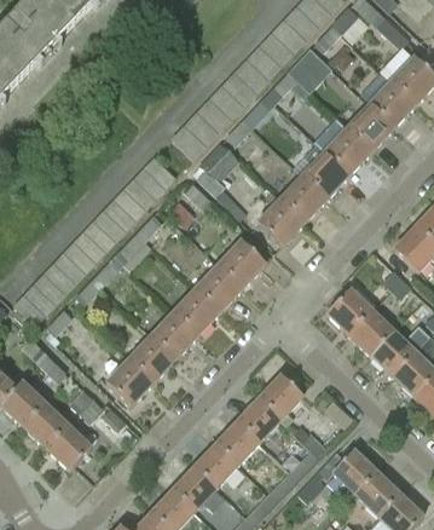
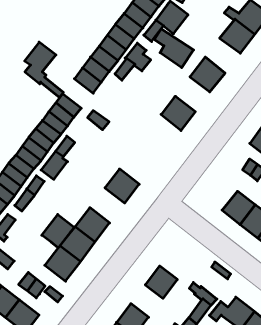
building: [348,104,395,151] -> none
building: [197,142,245,218] -> [25,42,63,97]
building: [294,144,349,198] -> none
building: [259,191,306,246] -> none
building: [219,240,266,287] -> none
building: [174,287,221,334] -> none
building: [328,288,372,333] -> none
building: none -> [42,214,74,248]
building: [259,374,303,419] -> none
building: [215,421,259,465] -> none

